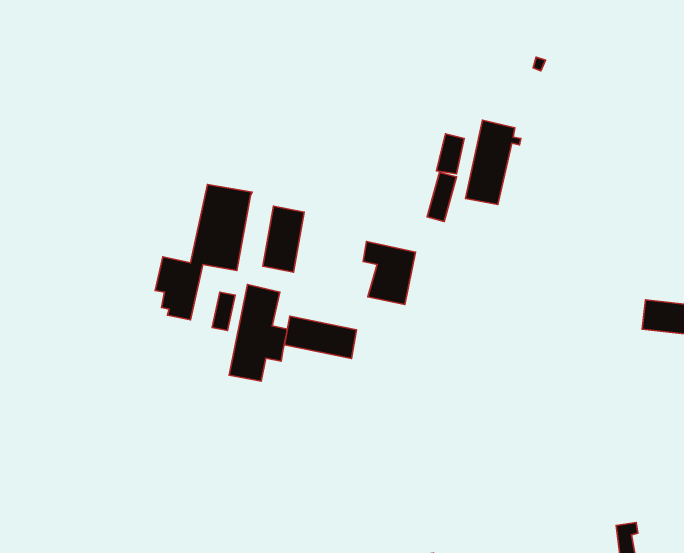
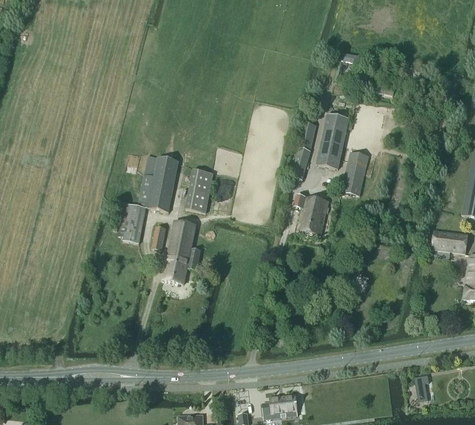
building: none -> [342,152,369,195]
building: [363,242,416,304] -> [295,194,329,235]
building: [285,316,356,358] -> none

